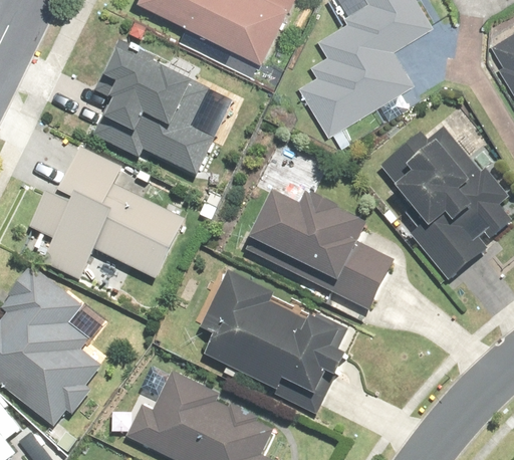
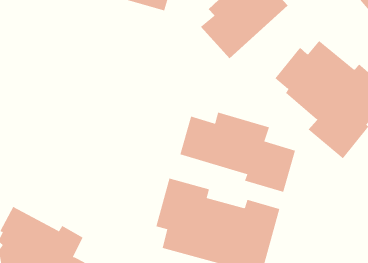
building: [99,51,221,176] -> none
building: [27,149,190,281] -> none

